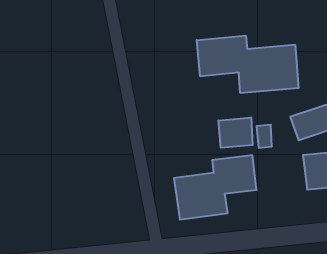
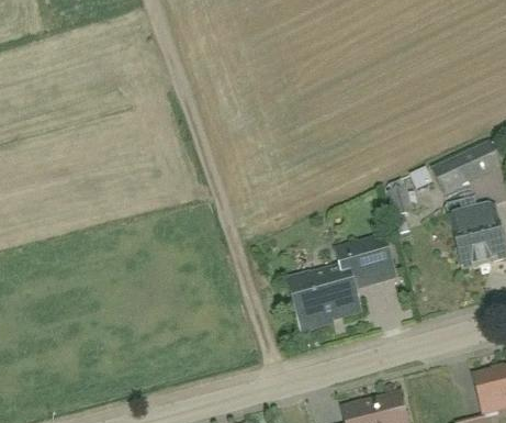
building: [197,36,299,93] -> none
building: [218,117,253,148] -> none

